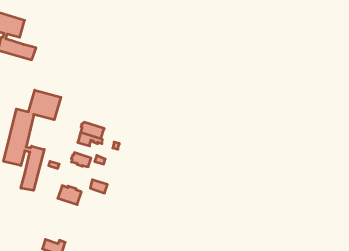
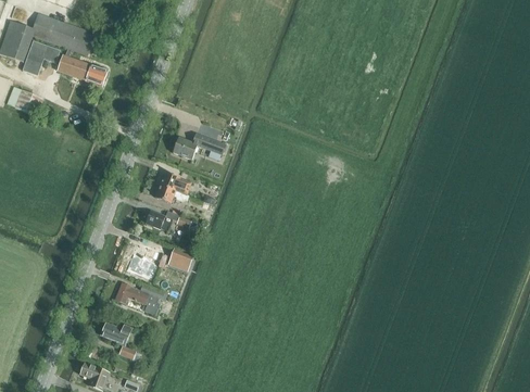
building: [4,90,61,190] -> none
building: none -> [173,134,228,160]
building: none -> [114,282,164,315]

